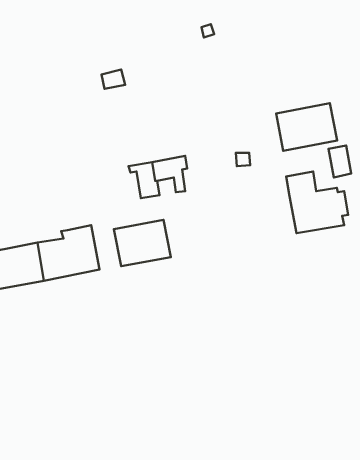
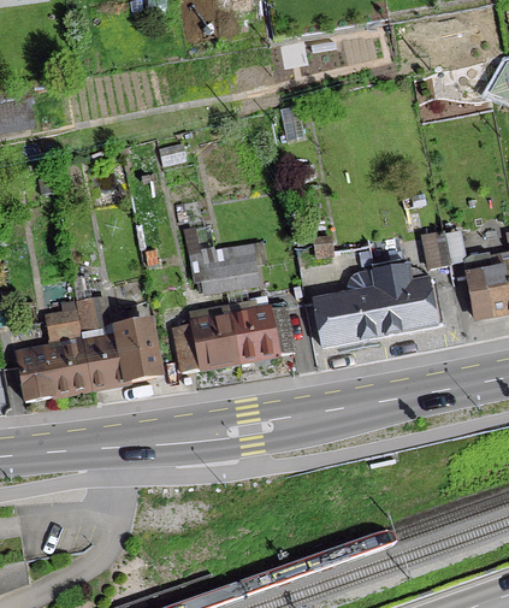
building: [276,103,337,151] -> [314,289,385,344]
building: none -> [45,275,113,349]
building: none -> [229,301,294,360]

